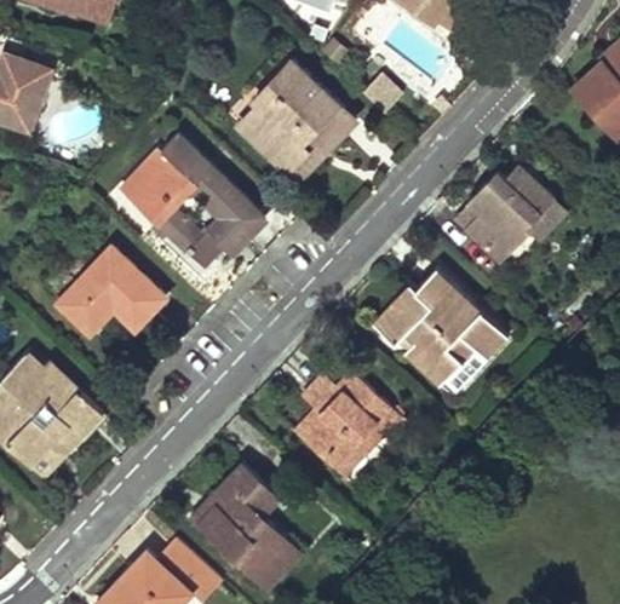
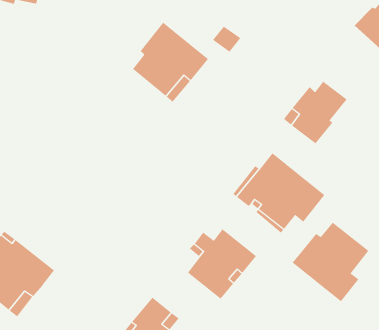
building: [130,134,263,270] -> none
building: [58,249,165,334] -> none
building: none -> [292,222,369,302]

